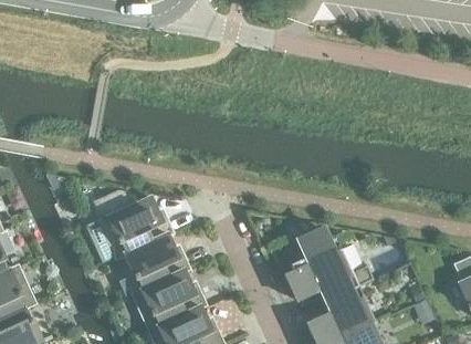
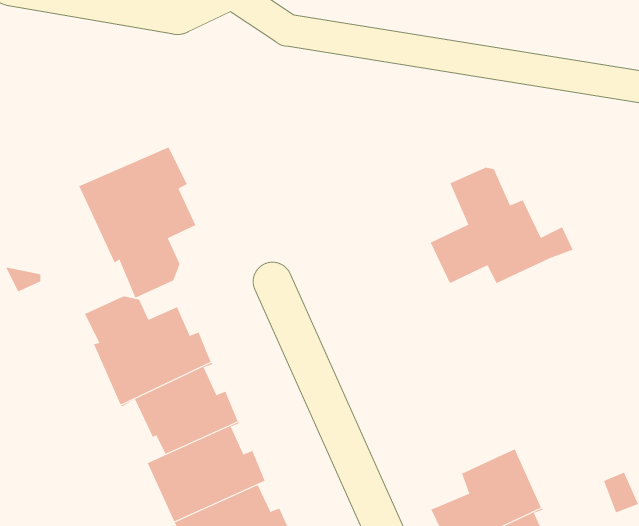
building: none -> [78,147,196,298]
building: [285,229,374,301] -> [430,167,573,284]

